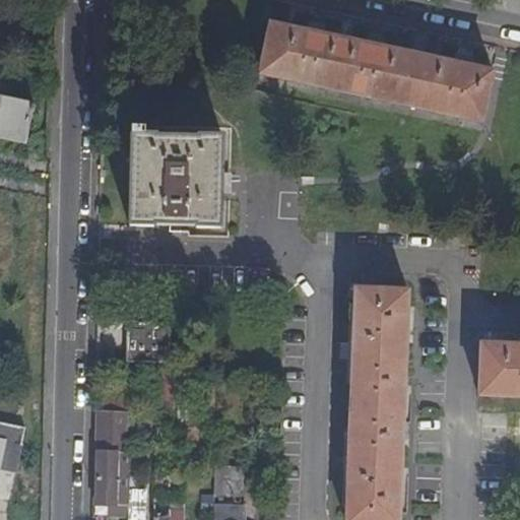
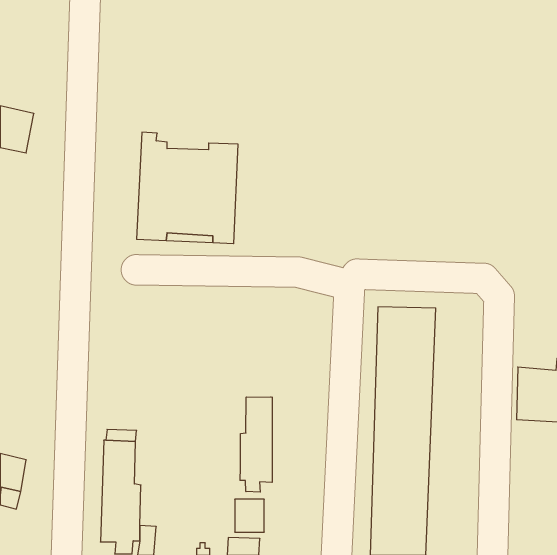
building: [259,19,490,121] -> none
building: [124,317,169,359] -> none
building: none -> [240,397,272,492]

